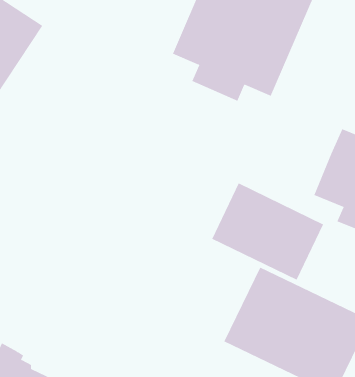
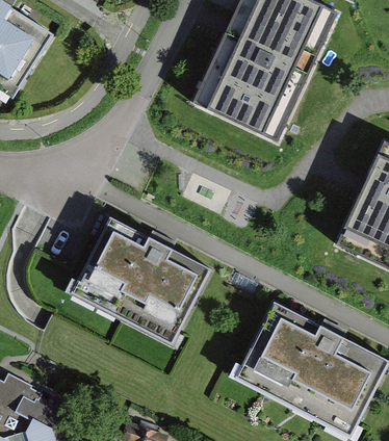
building: [211,183,324,281] -> none
building: none -> [71,213,210,340]

